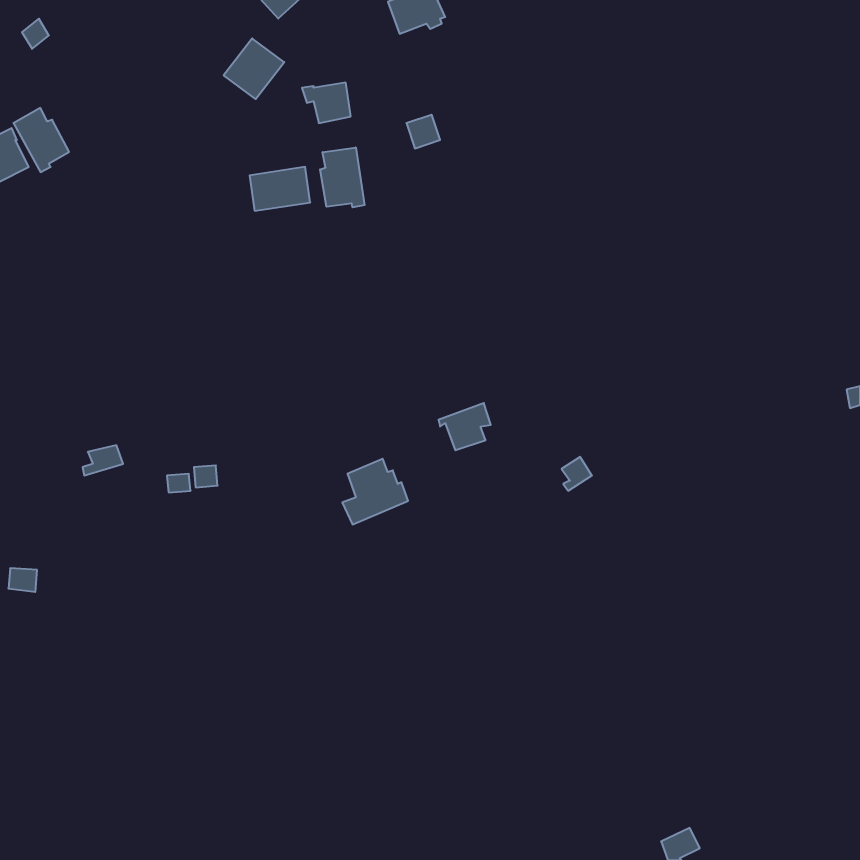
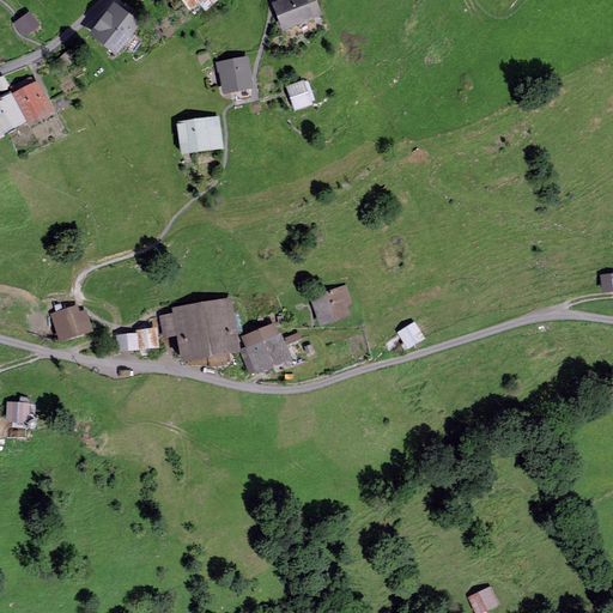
building: [224,38,284,99] -> [92,6,135,49]
building: [320,147,365,207] -> none
building: none -> [159,304,239,354]

